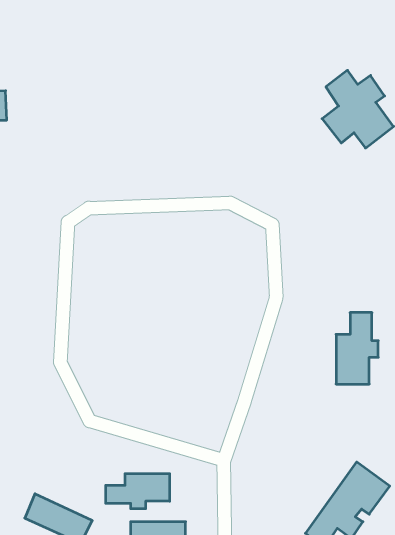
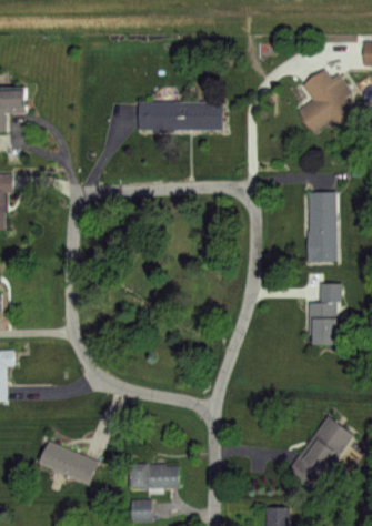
building: none -> [135,102,222,131]
building: none -> [308,192,335,261]
building: [106,474,170,509] -> none

